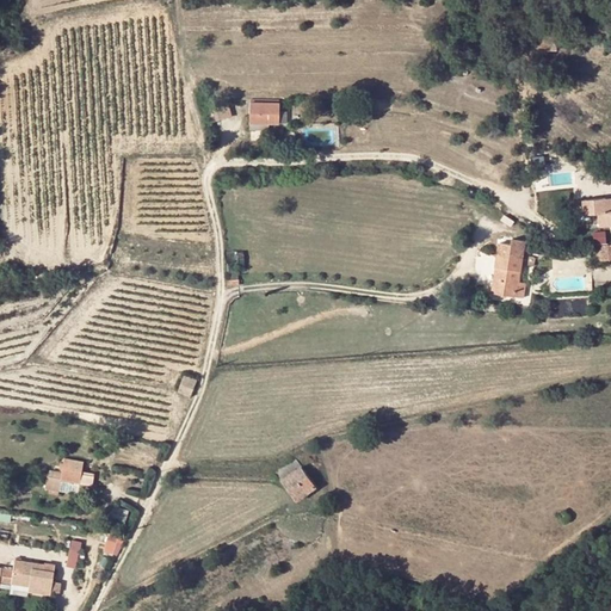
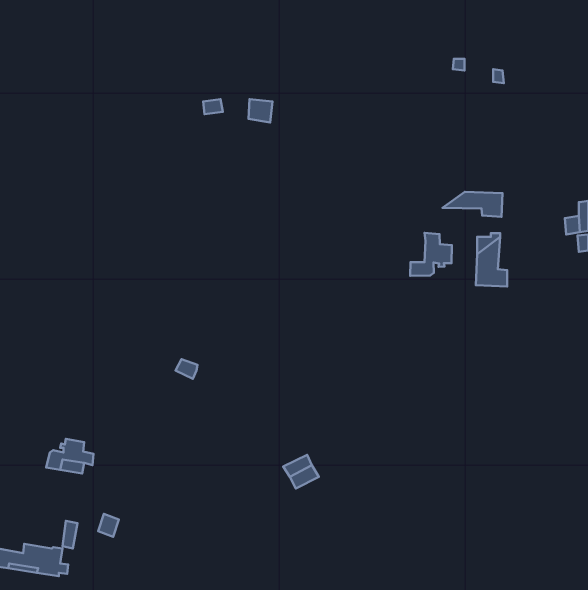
building: none -> [442,192,502,217]
building: none -> [410,233,452,276]

